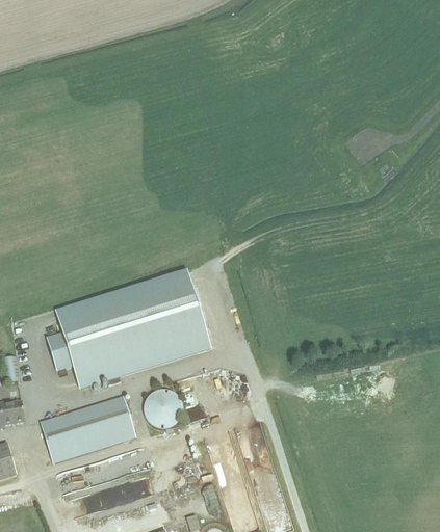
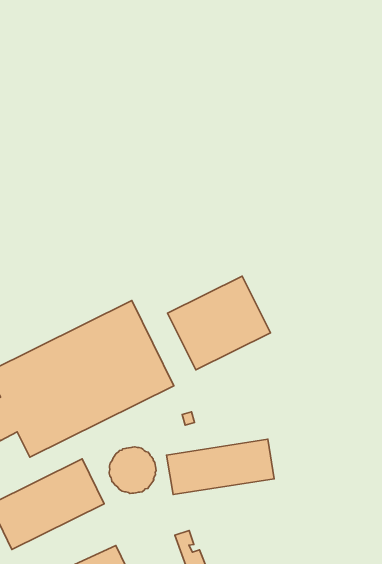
building: none -> [168,276,270,370]
building: none -> [167,439,274,495]

